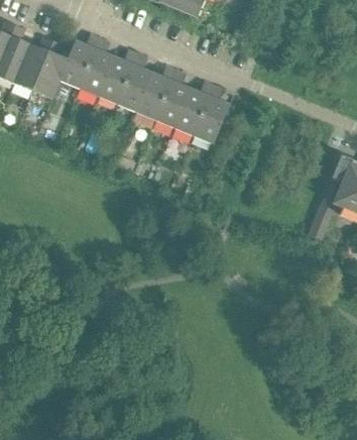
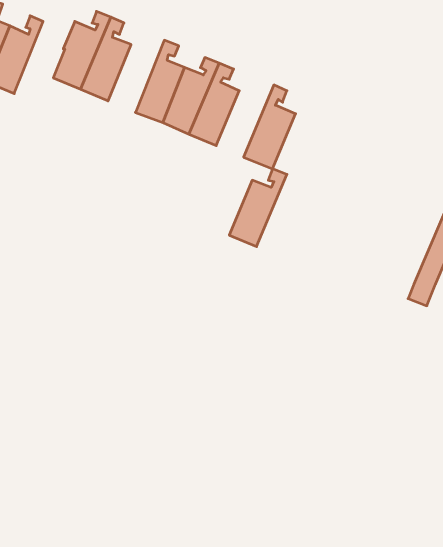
building: [32,39,68,98] -> none
building: [98,48,137,103] -> none
building: [173,80,214,134] -> [229,169,287,247]

